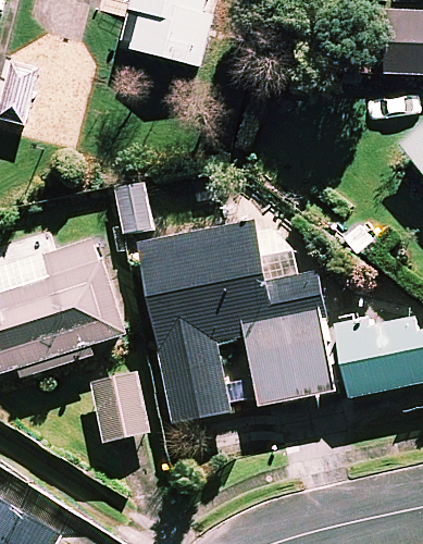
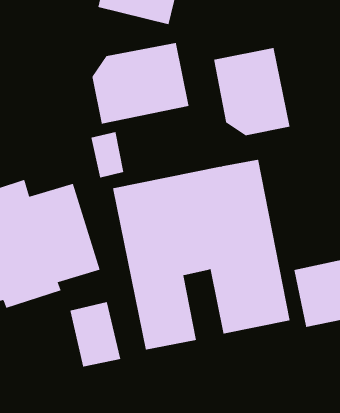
building: none -> [92,42,189,124]
building: none -> [213,47,290,136]

